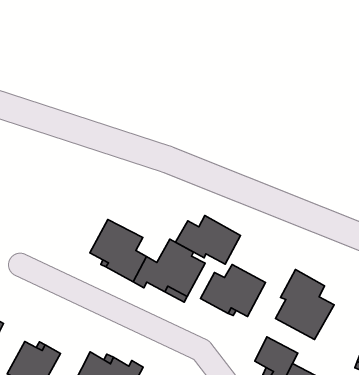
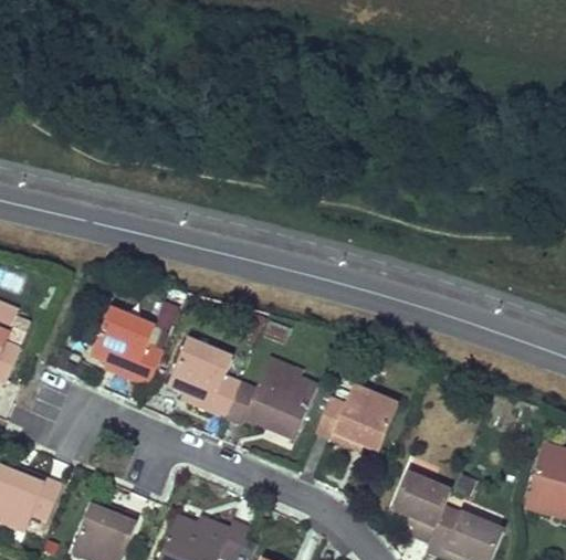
building: none -> [91,309,164,387]
building: [176,216,241,264] -> none
building: [275,269,334,340] -> none

